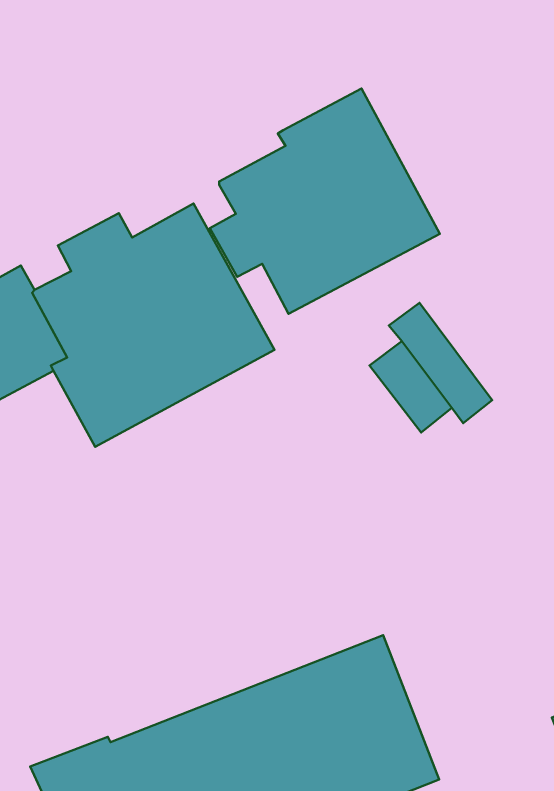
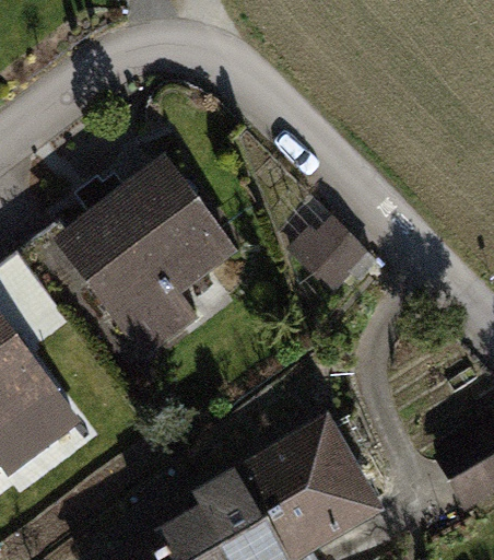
building: [210,88,440,314] -> none

